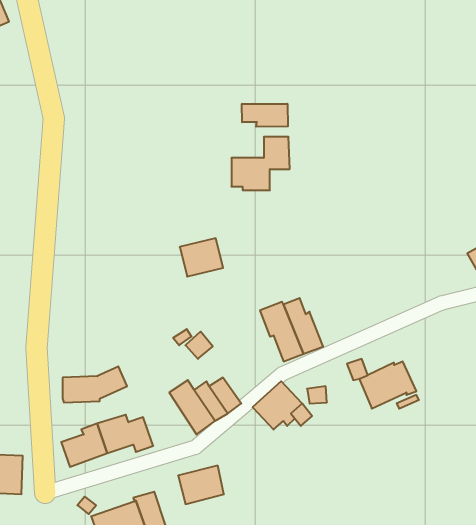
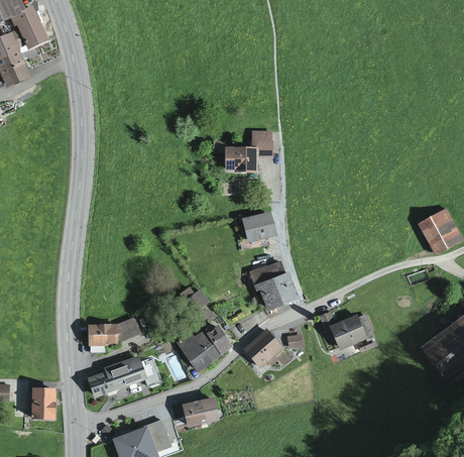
building: [242,104,288,127] -> none
building: [180,238,223,277] -> [241,211,276,242]

